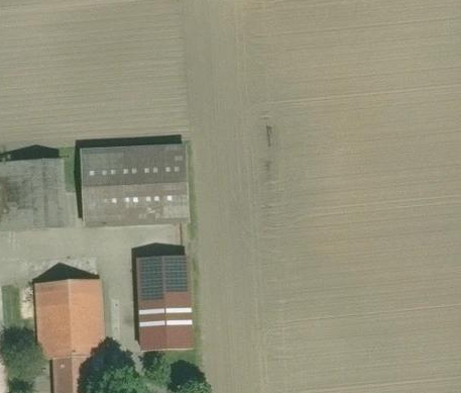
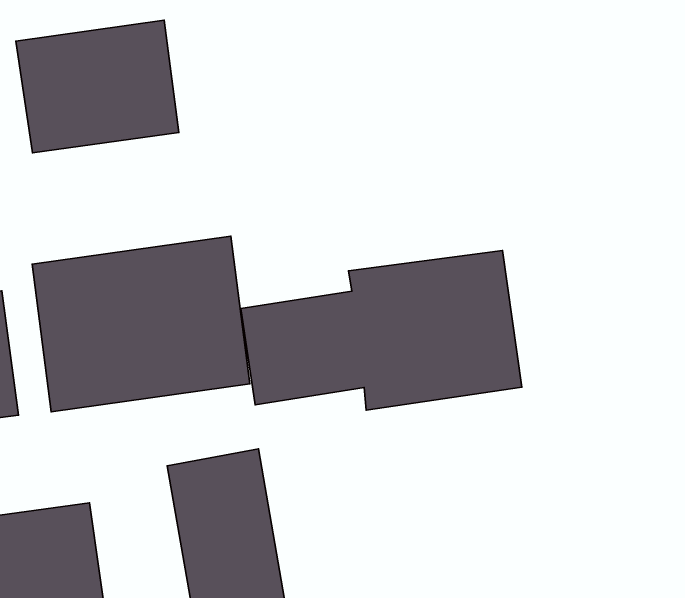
building: none -> [16,20,179,153]
building: none -> [241,250,522,410]

